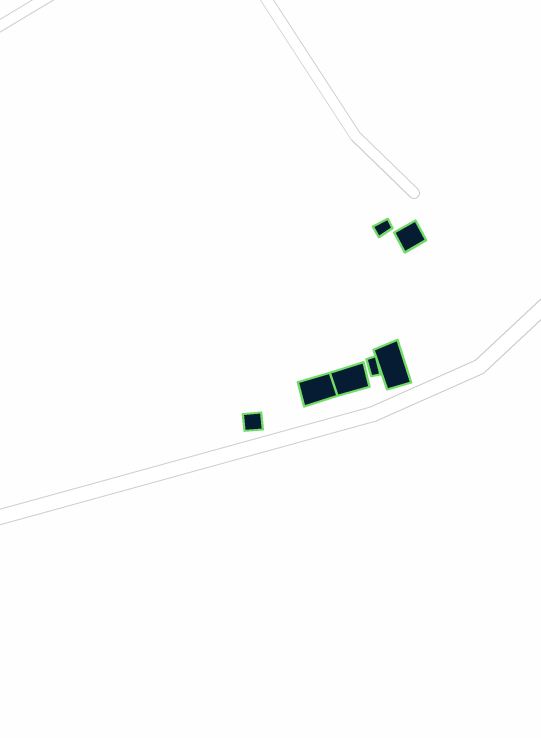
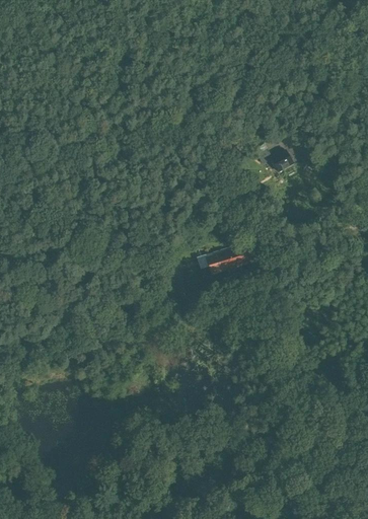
building: [374,340,411,389] -> none

